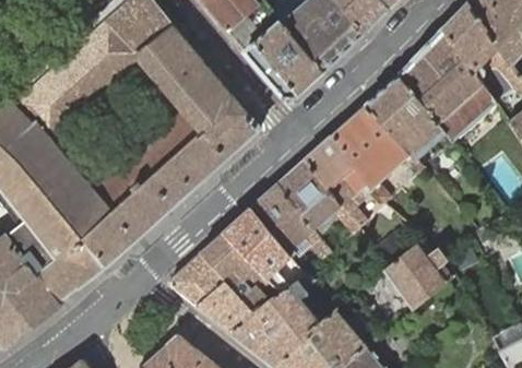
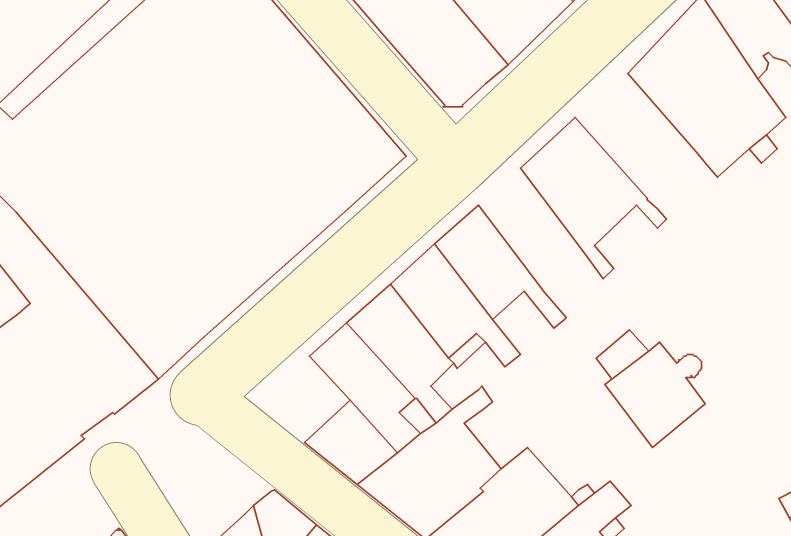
building: [365,76,447,161] -> none
building: [305,135,371,228] -> none
building: [168,252,225,306] -> none

